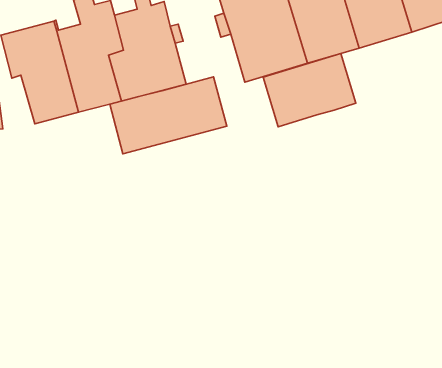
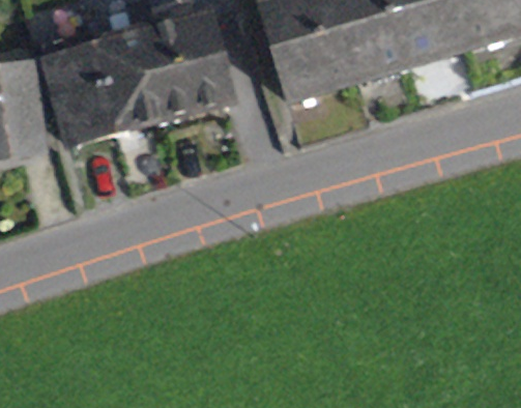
building: [263,53,356,127] -> none
building: [110,77,227,154] -> none

